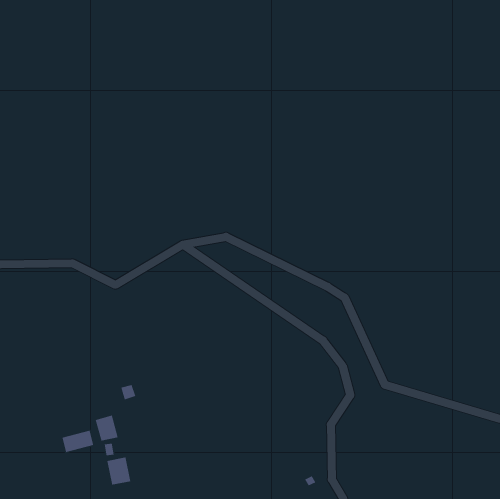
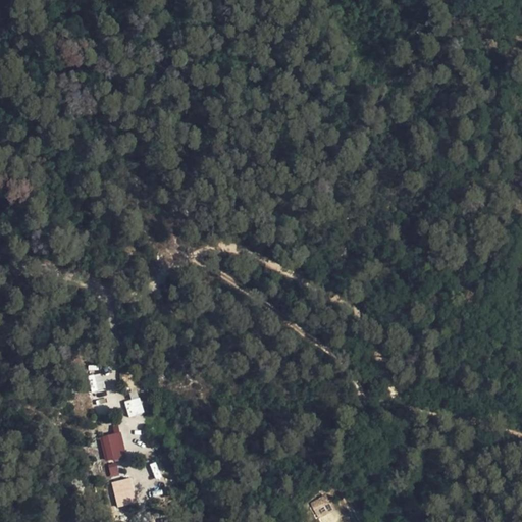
building: [62,430,94,453] -> none

